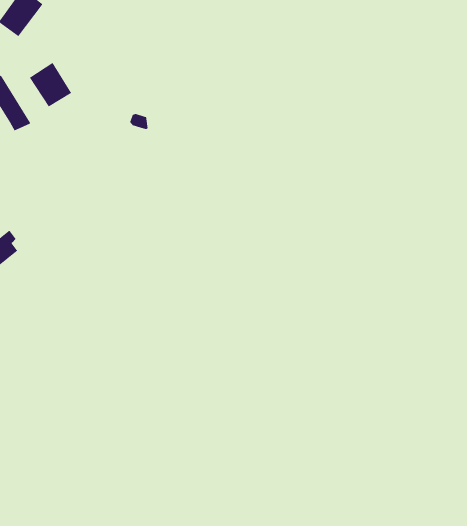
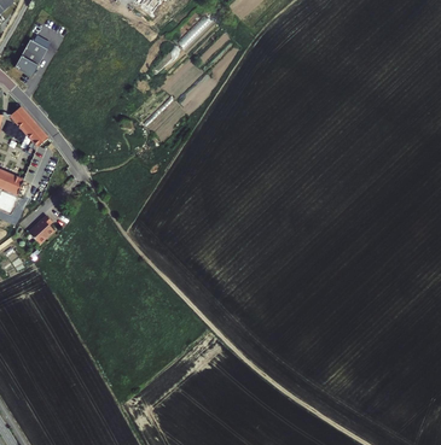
building: [29,62,72,108] -> none

